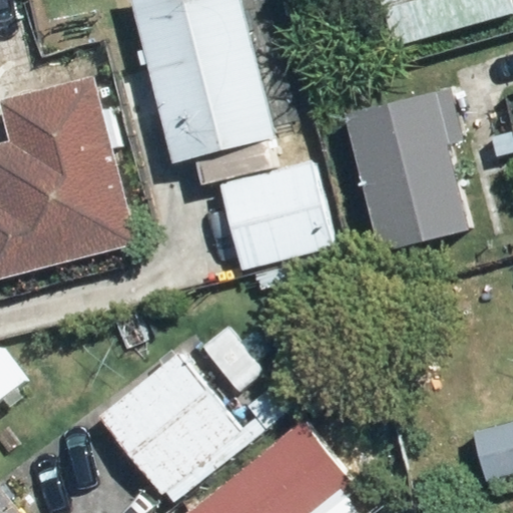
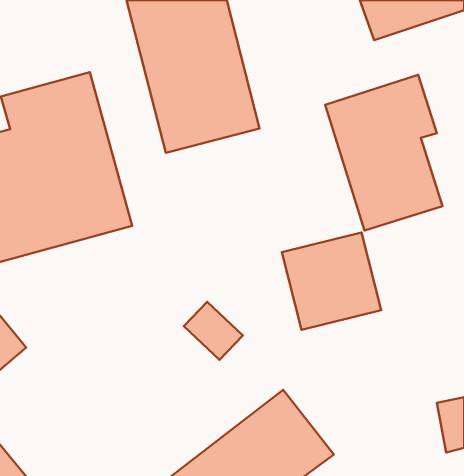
building: [219,164,326,269] -> [282,233,381,330]
building: [98,352,301,506] -> none

